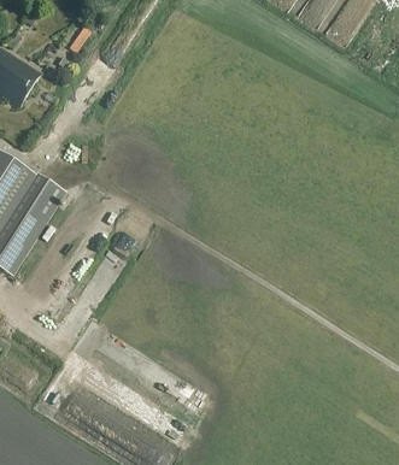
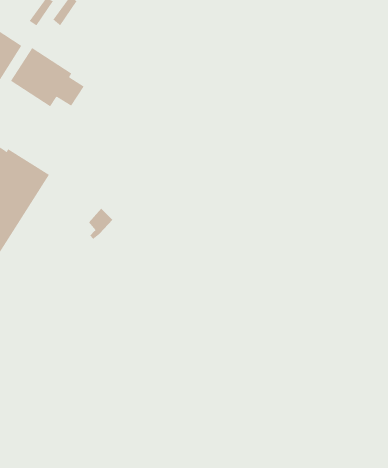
building: none -> [10,47,84,107]

